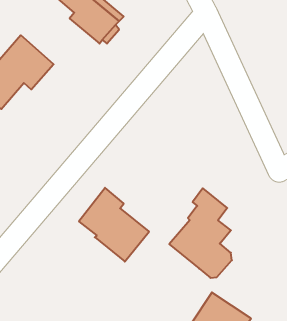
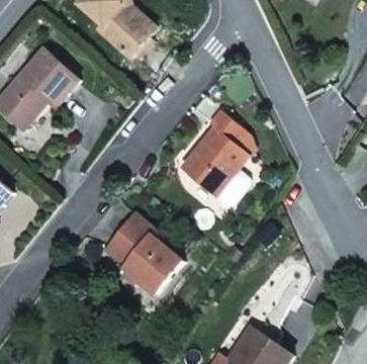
building: [169,188,232,278] -> [182,109,250,206]

